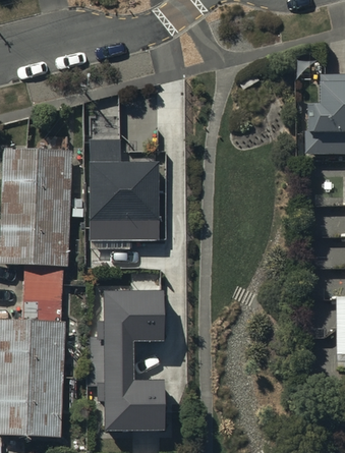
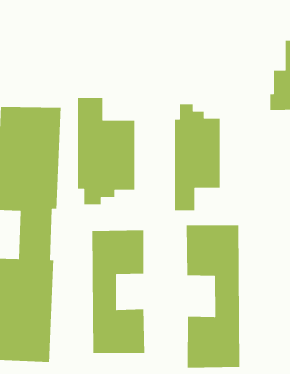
building: none -> [174,103,221,211]
building: none -> [186,224,240,368]

